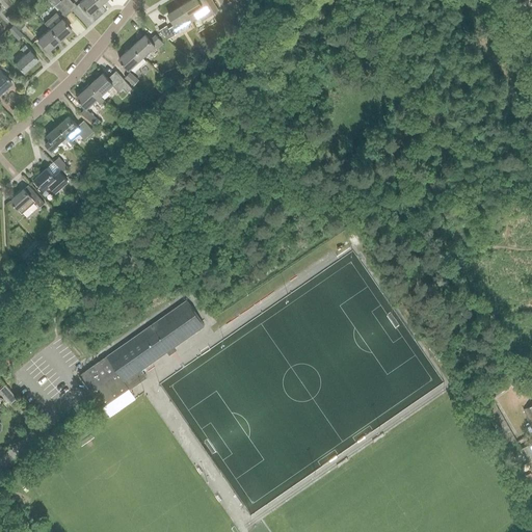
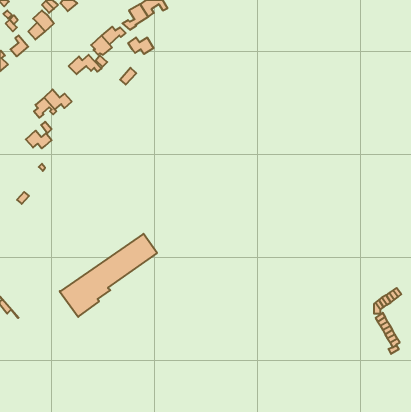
building: none -> [128,37,154,54]
building: [75,85,103,124] -> none
building: [9,185,44,213] -> none

